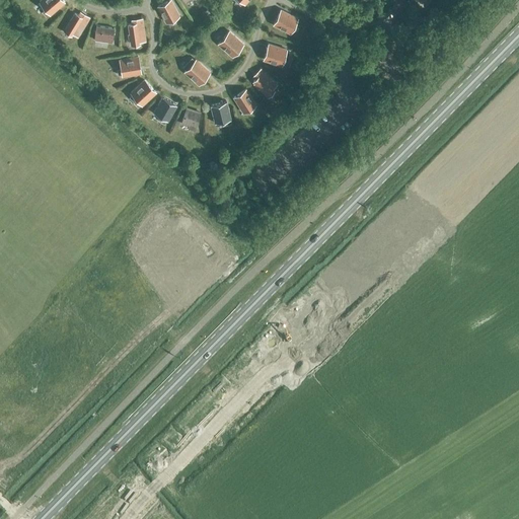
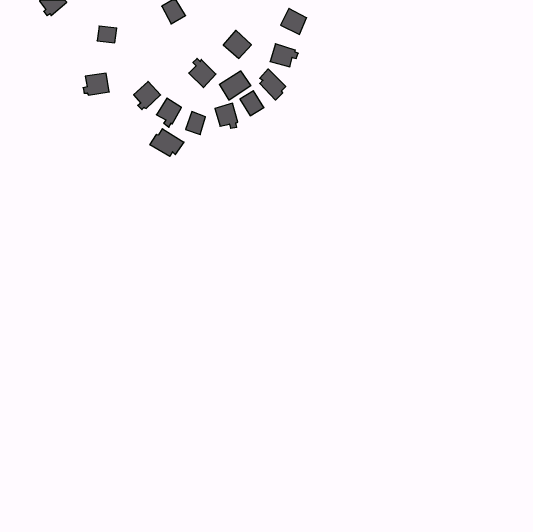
building: [63,11,90,38] -> none
building: [127,18,146,47] -> none
building: [117,56,142,77] -> [83,73,109,95]
building: none -> [219,71,251,100]
building: none -> [150,129,184,156]

